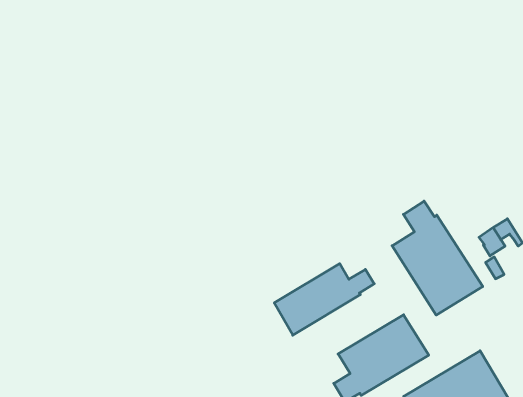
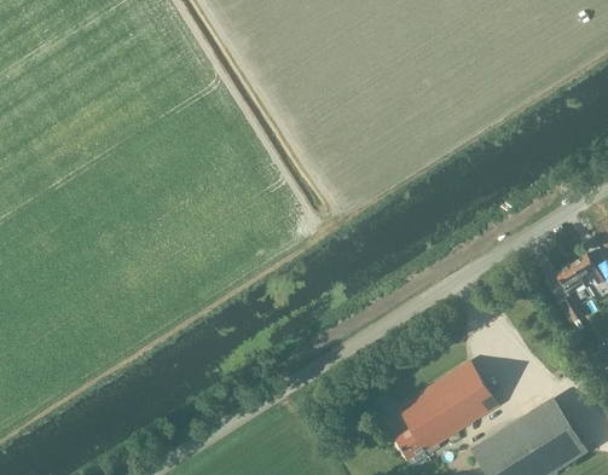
building: [392,201,483,315] -> none
building: [274,264,374,335] -> none

